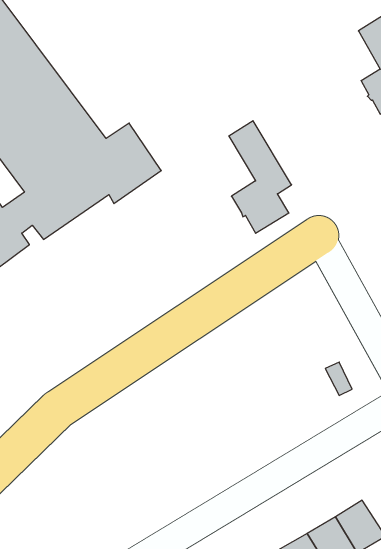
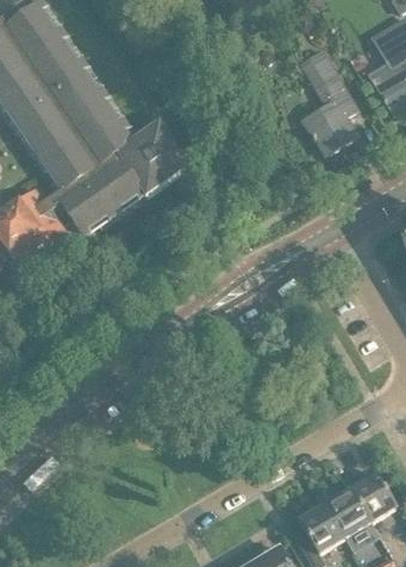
building: [229,121,292,233] -> [300,49,358,153]

